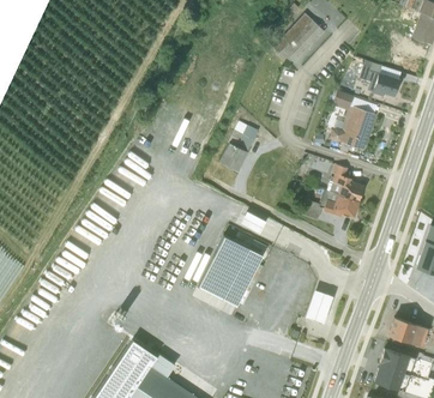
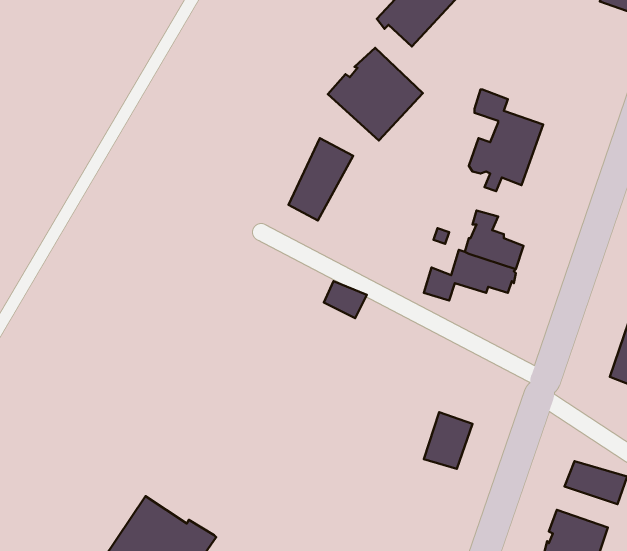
building: [358,61,400,97] -> none
building: none -> [328,48,423,140]
building: [197,236,261,307] -> none

